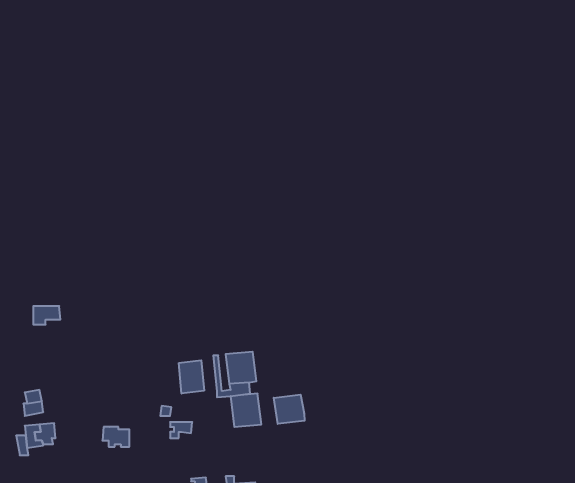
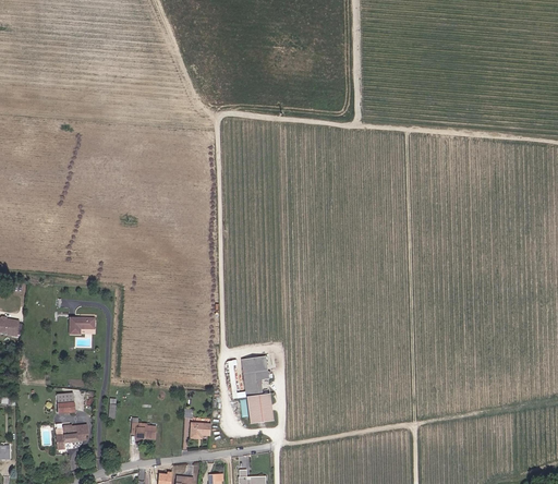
building: [179,360,204,394] -> none
building: [274,395,305,424] -> none

